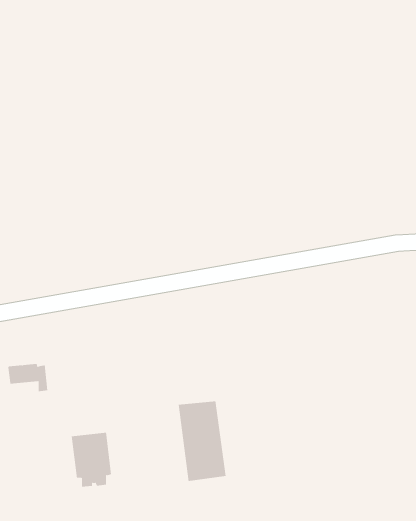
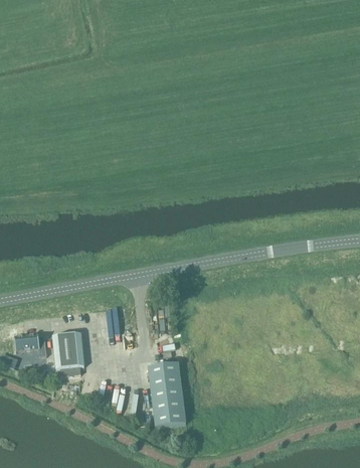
building: [71,432,112,487] -> [52,333,84,376]

